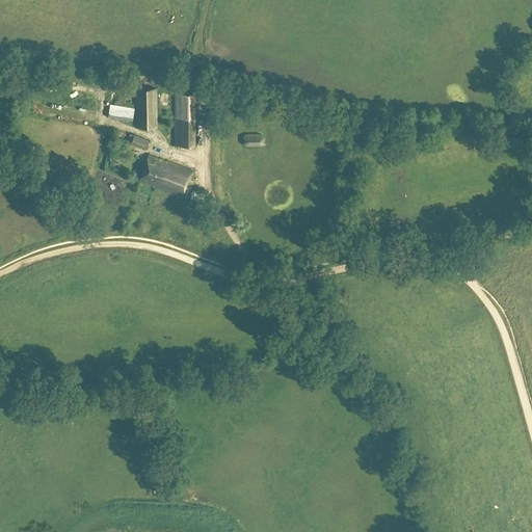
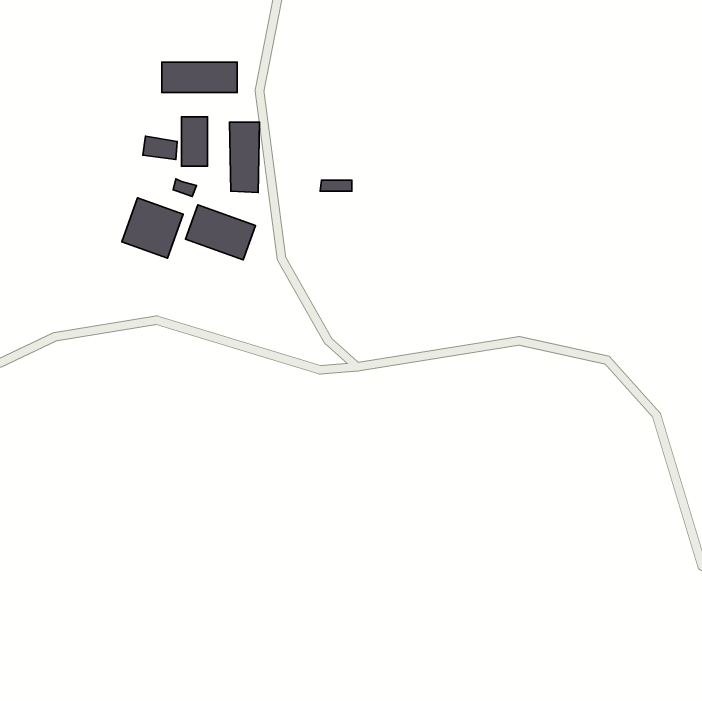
building: none -> [162,62,237,93]
building: none -> [122,198,183,258]

